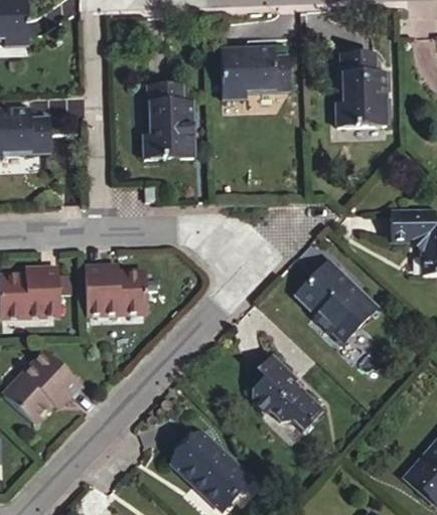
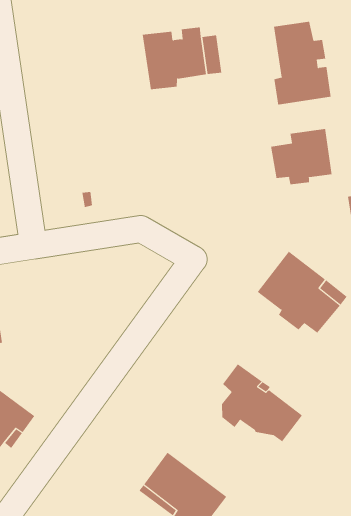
building: [142,81,193,156] -> none
building: none -> [271,128,332,185]
building: [86,264,148,312] -> none

